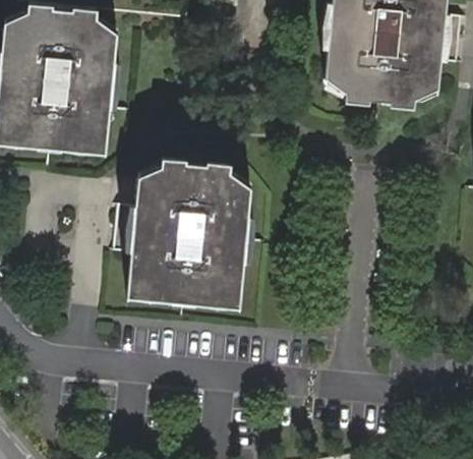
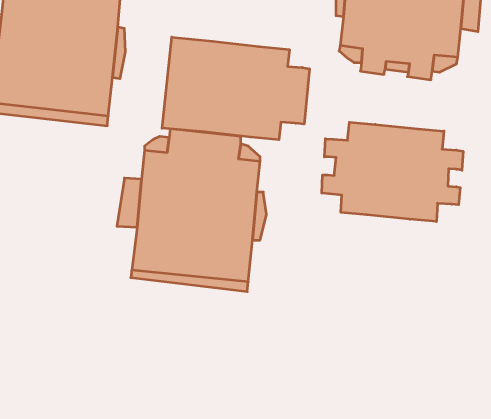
building: none -> [162,37,309,140]
building: none -> [322,122,463,222]

